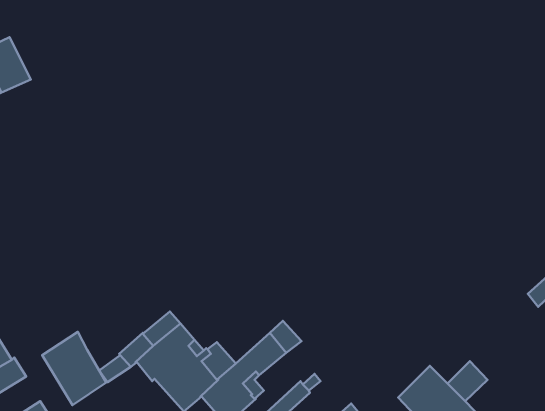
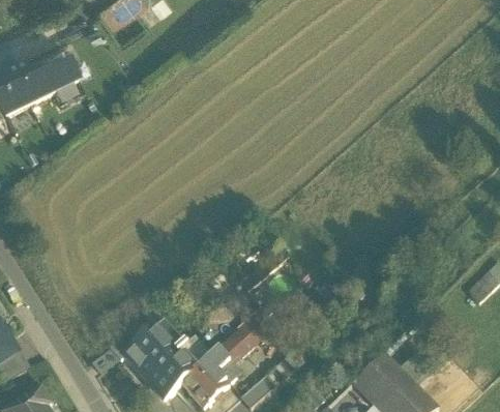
building: none -> [12,43,79,104]
building: [42,332,106,405] -> none

